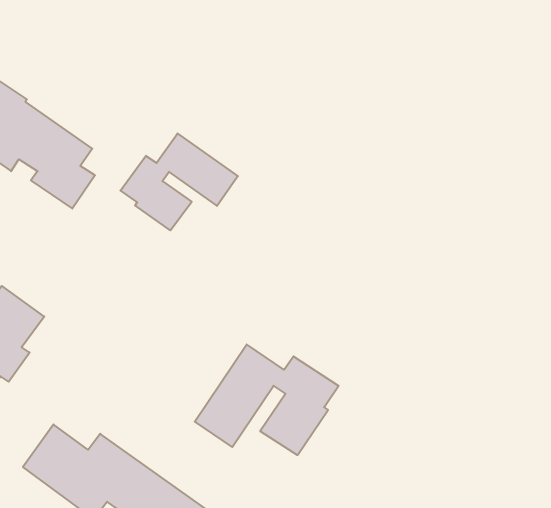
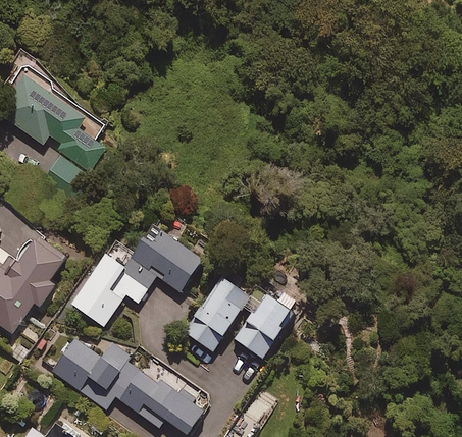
building: [120,133,238,230] -> none
building: none -> [71,221,203,326]

